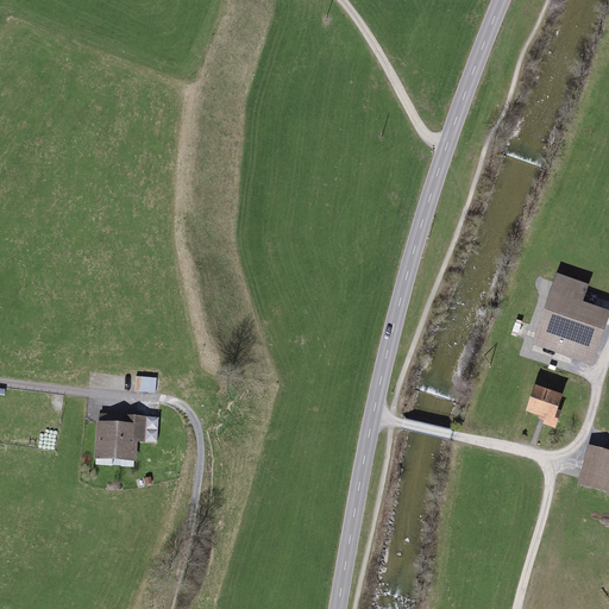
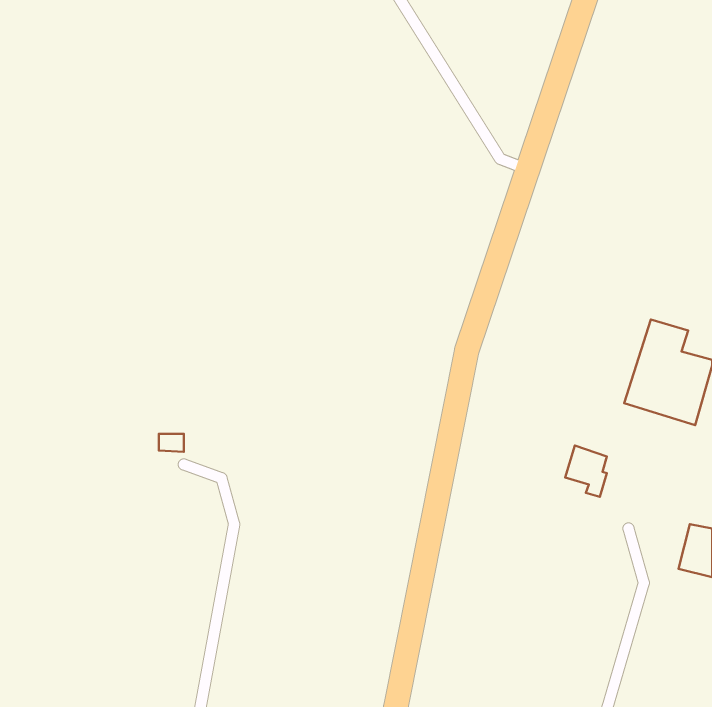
building: [526,385,561,429] -> [565,445,607,497]
building: [94,412,146,460] -> none

